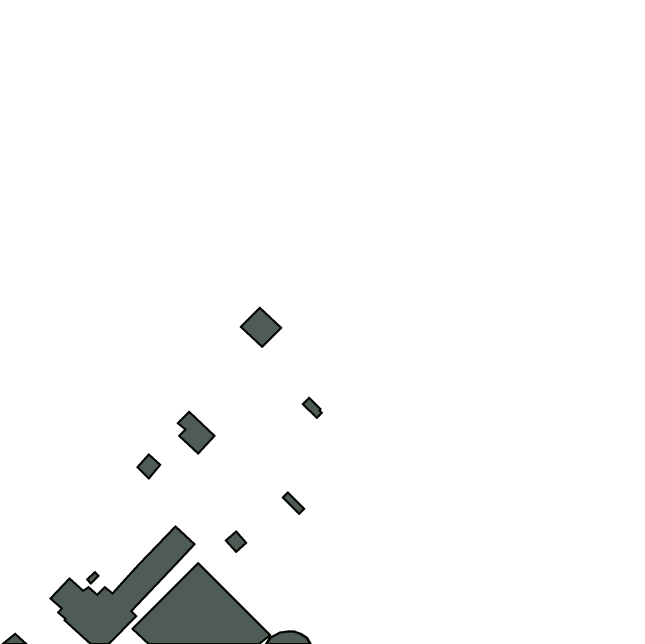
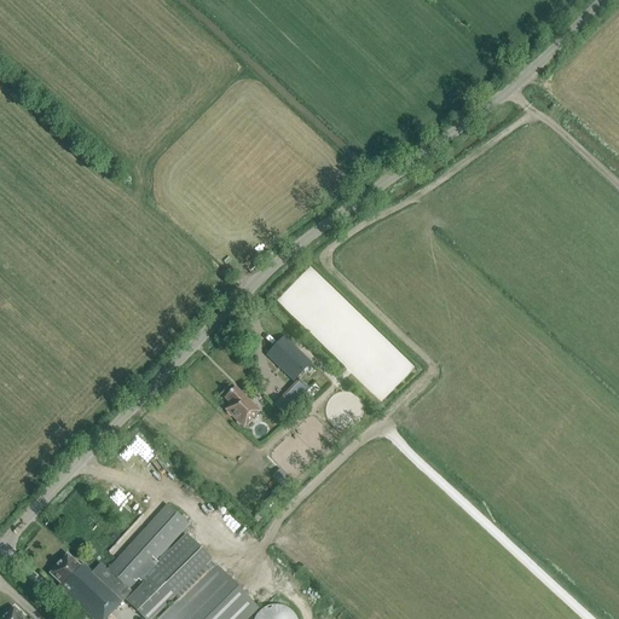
building: [241,308,281,347] -> [266,337,305,375]
building: [178,412,215,453] -> [225,387,260,427]

